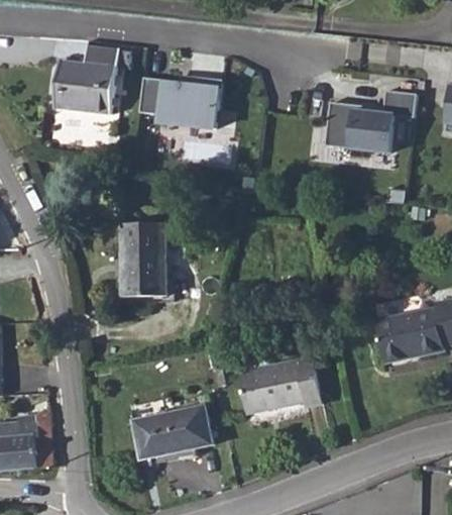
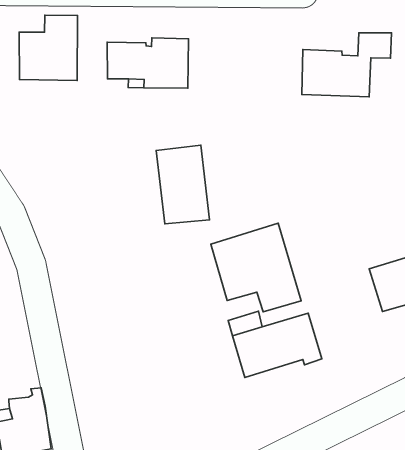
building: [122,222,167,295] -> [156,145,210,224]
building: none -> [211,223,301,312]
building: [133,406,212,458] -> none

